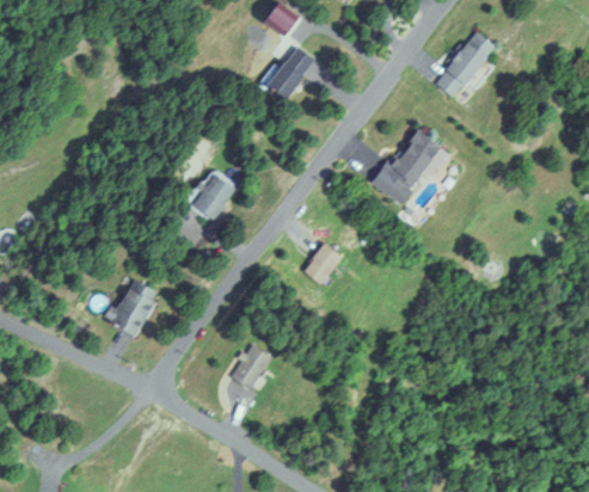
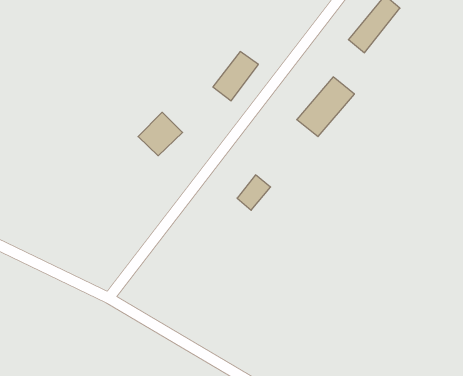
building: [264,45,318,104] -> [213,52,258,101]
building: [111,285,158,337] -> none
building: [229,344,272,390] -> none

